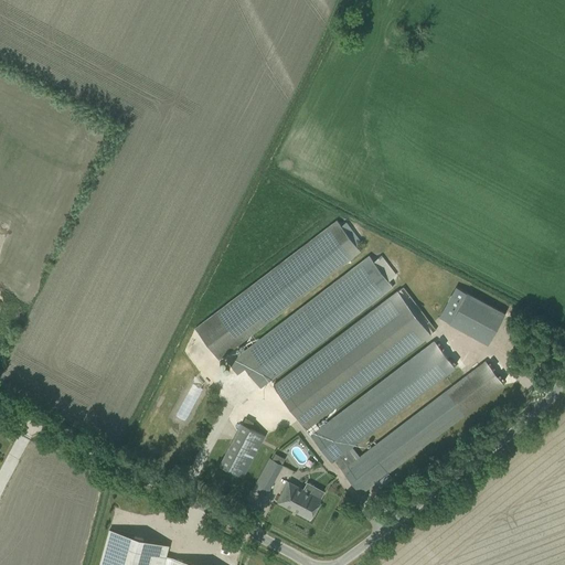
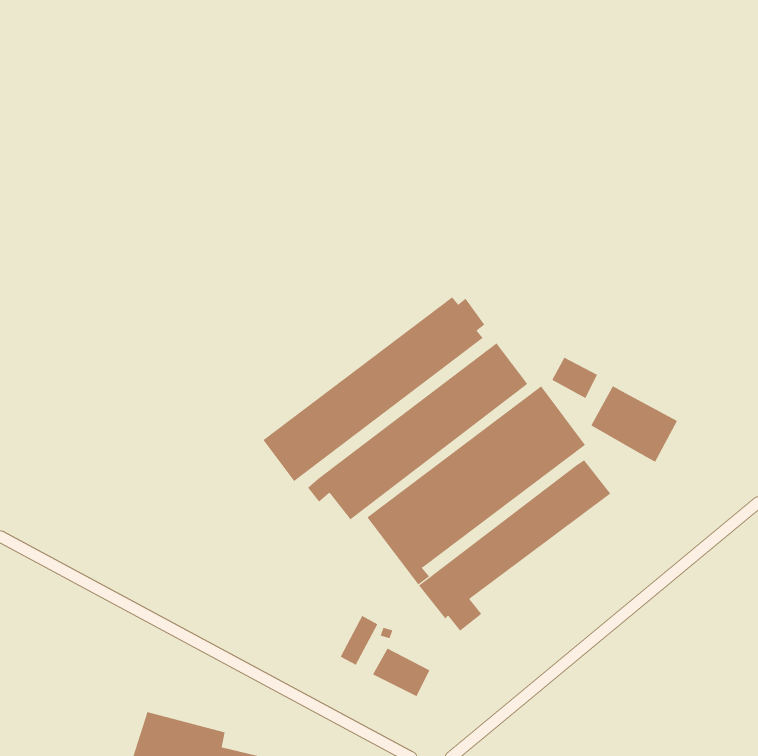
building: none -> [551,357,598,399]
building: [342,362,503,497] -> none
building: [218,419,265,479] -> none

